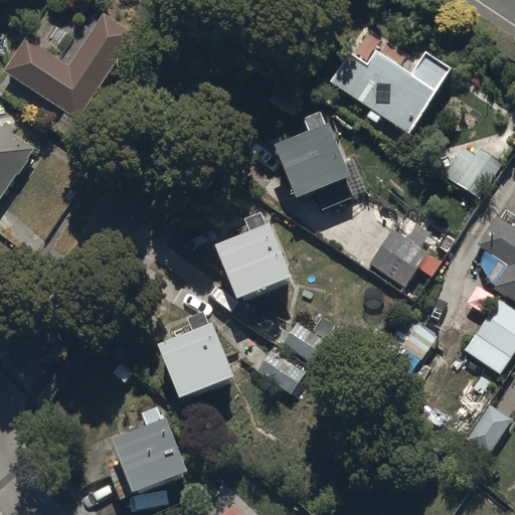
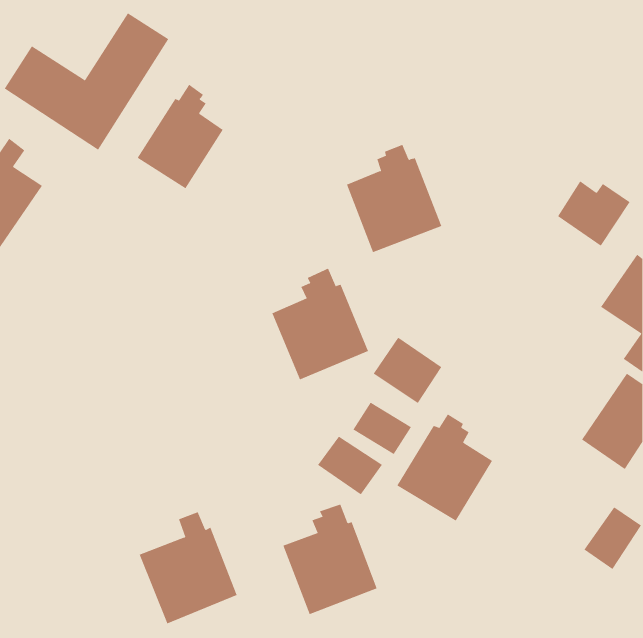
building: [330,52,454,136] -> none
building: none -> [137,84,223,189]
building: [371,226,426,280] -> [373,337,442,404]
building: [159,314,234,402] -> [283,504,377,615]
building: none -> [397,414,493,521]

